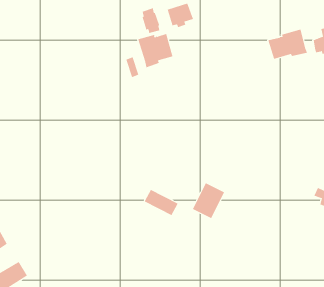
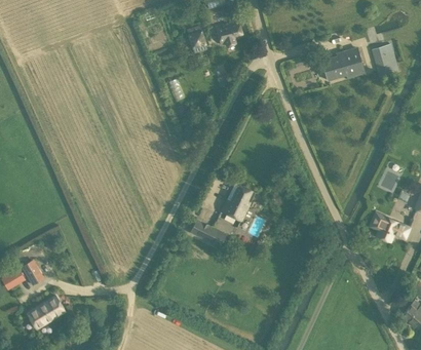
building: [138,33,173,68] -> none
building: [192,182,225,219] -> [221,182,256,221]

